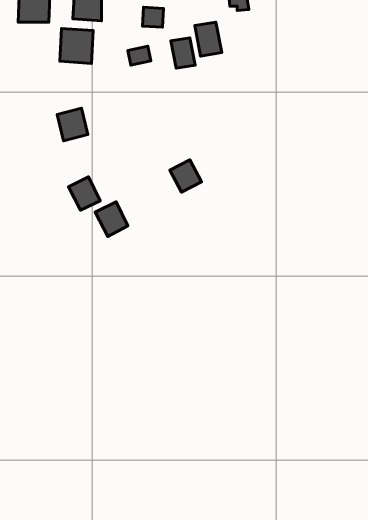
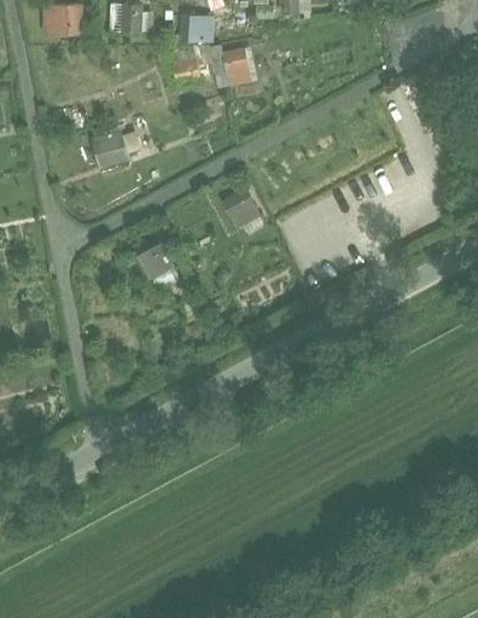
building: [195,22,222,56] -> none
building: [60,28,93,63] -> none
building: [68,177,100,210] -> none

